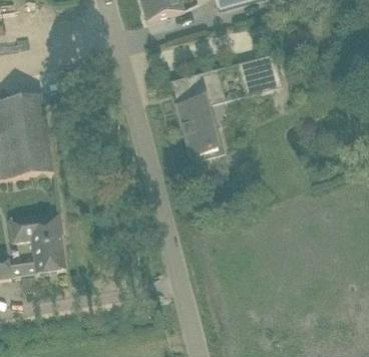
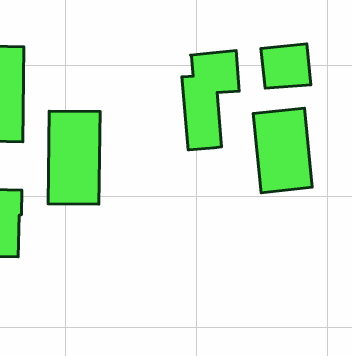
building: none -> [253,108,312,193]
building: none -> [48,111,100,204]

